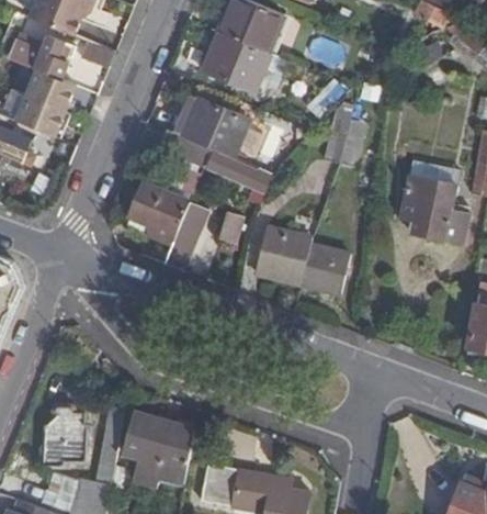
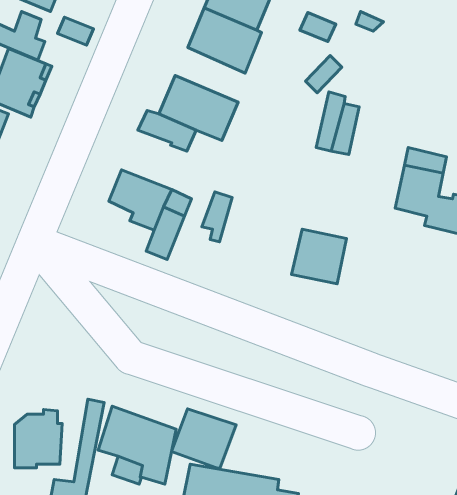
building: [206,153,278,194] -> none
building: [258,230,310,284] -> none
building: none -> [172,409,236,469]

